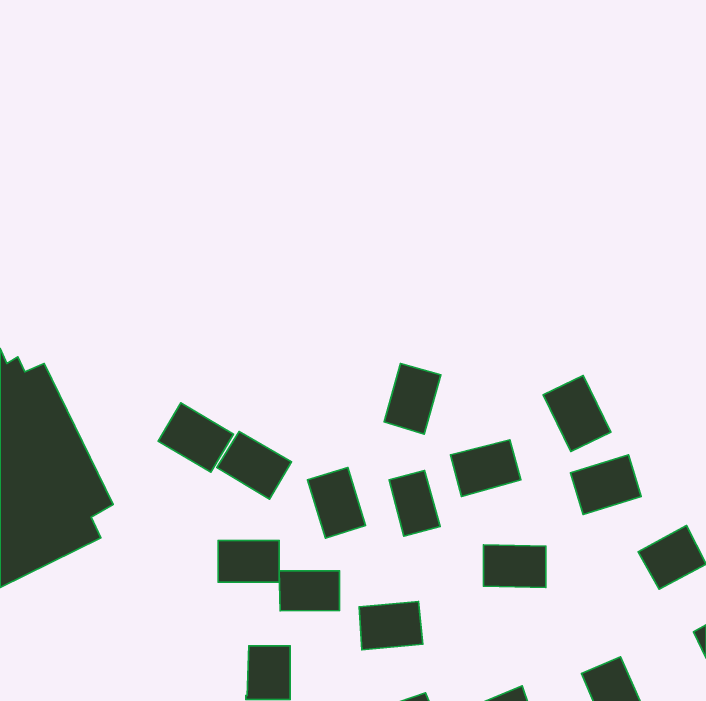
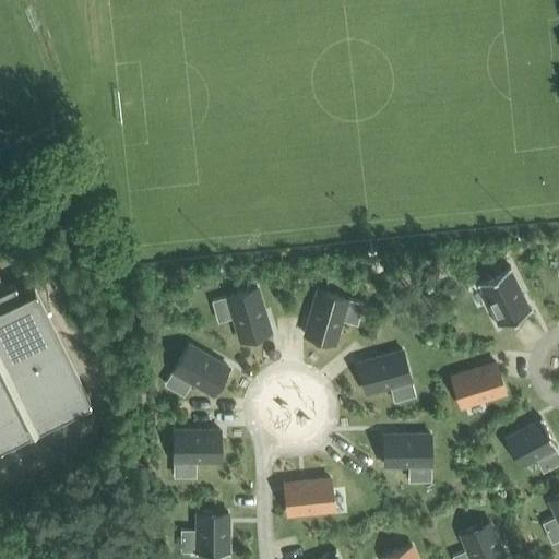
building: [543,375,611,451] -> [478,270,532,330]
building: [158,403,233,472] -> none
building: [308,468,366,538] -> [226,288,272,344]
building: [389,471,440,536] -> none
building: [279,571,340,611] -> none

